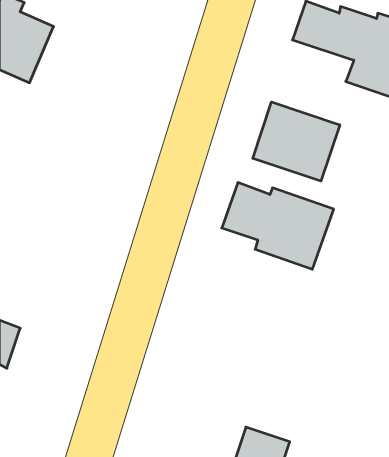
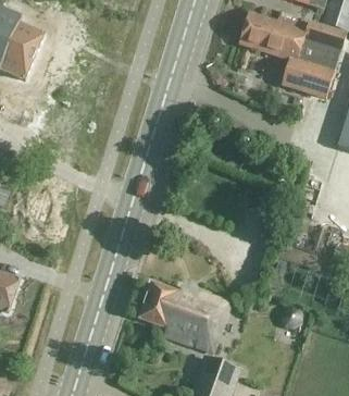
building: [253,102,340,181] -> none
building: [222,183,334,269] -> [137,281,228,351]

